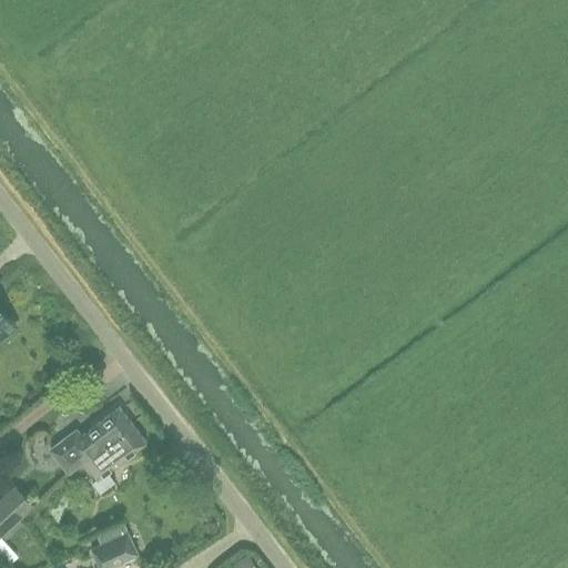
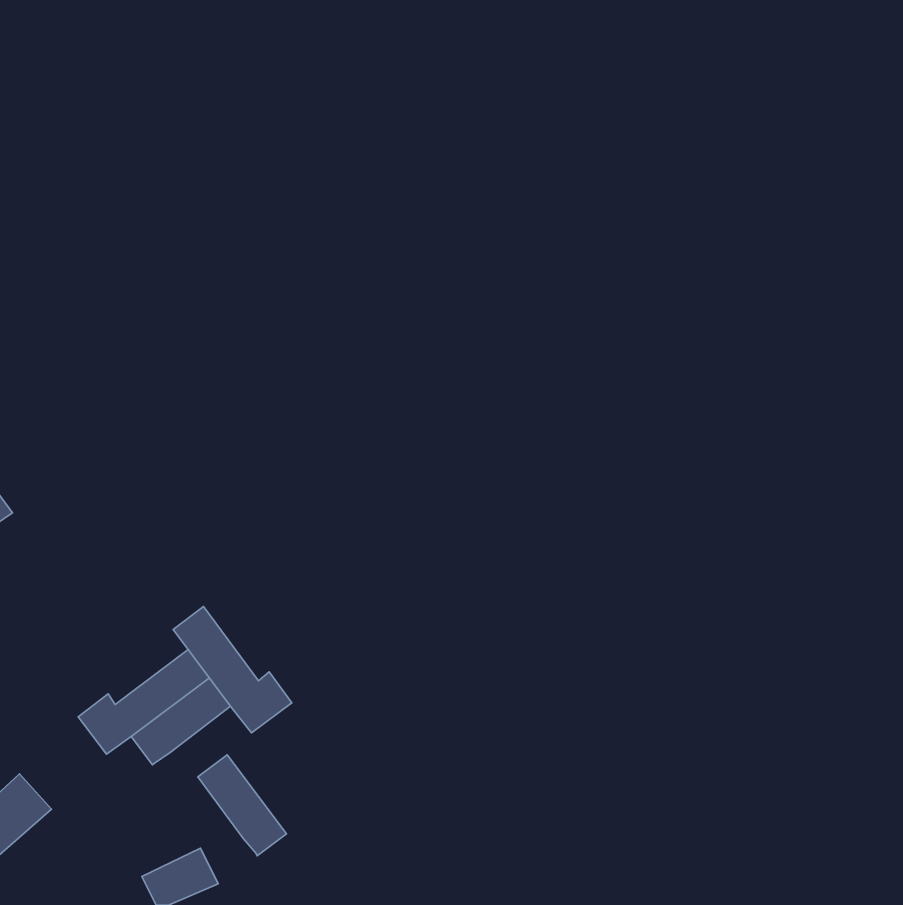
building: none -> [173,607,292,733]
building: none -> [198,755,287,856]

